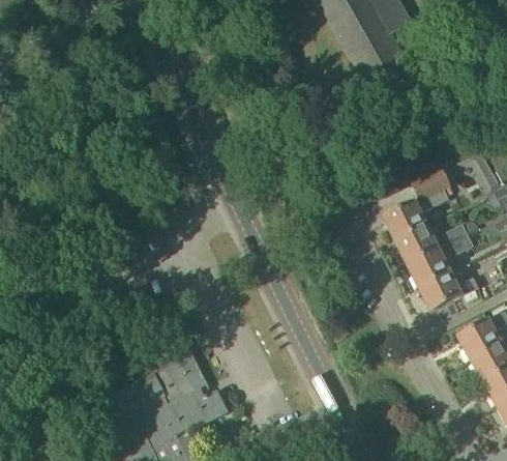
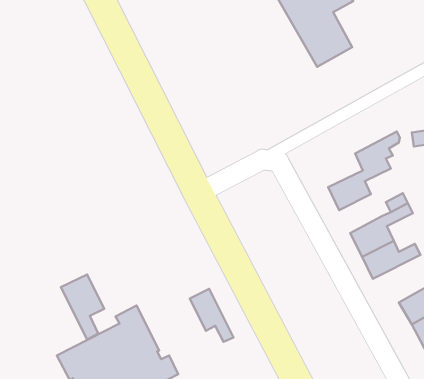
building: [395,223,440,263] -> none
building: none -> [61,275,104,340]
building: none -> [190,289,234,342]

